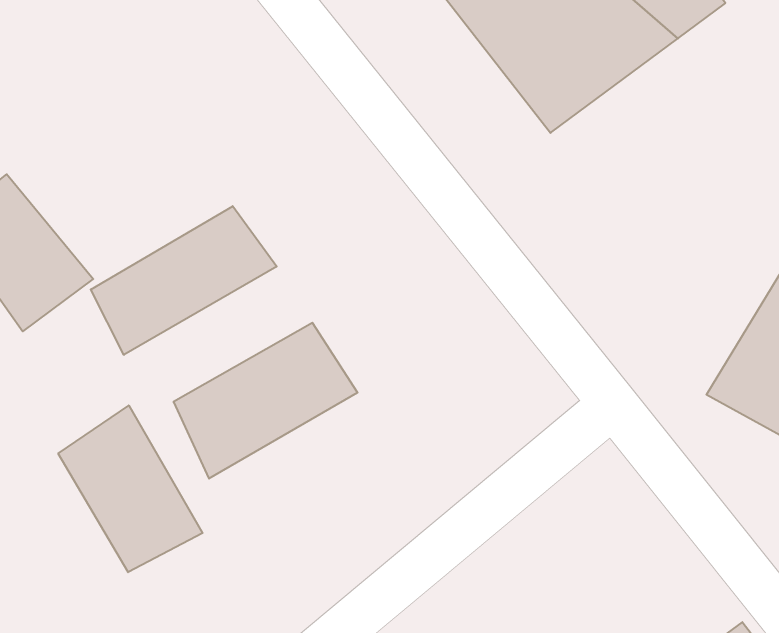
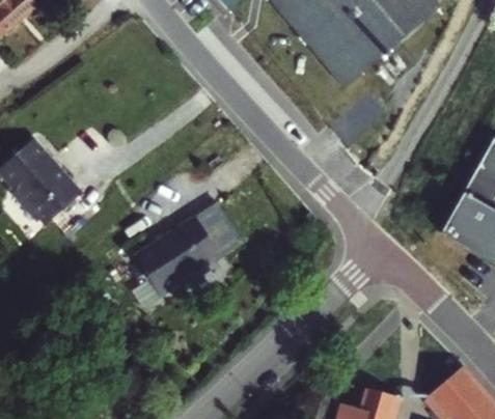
building: [91,206,277,355] -> none
building: [58,405,203,572] -> none

